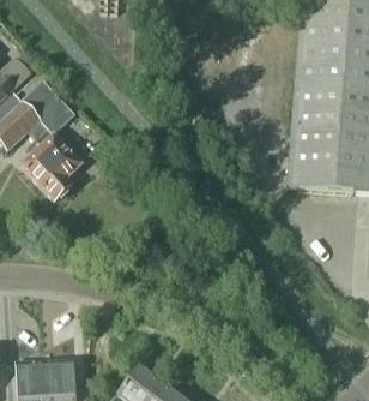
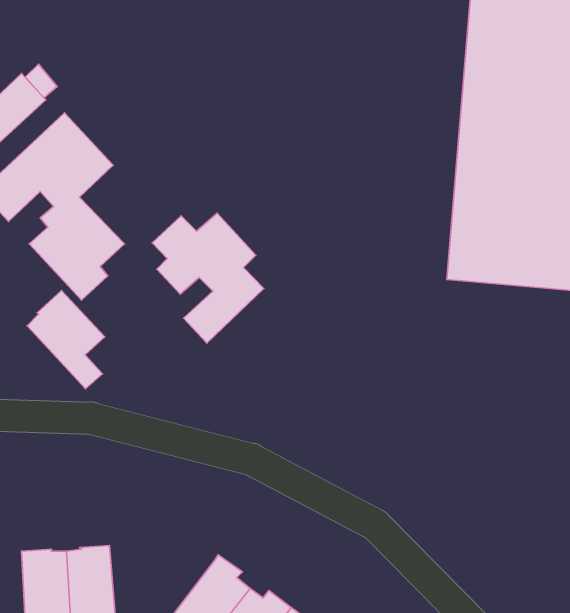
building: none -> [152,213,264,343]
building: none -> [27,291,105,389]

